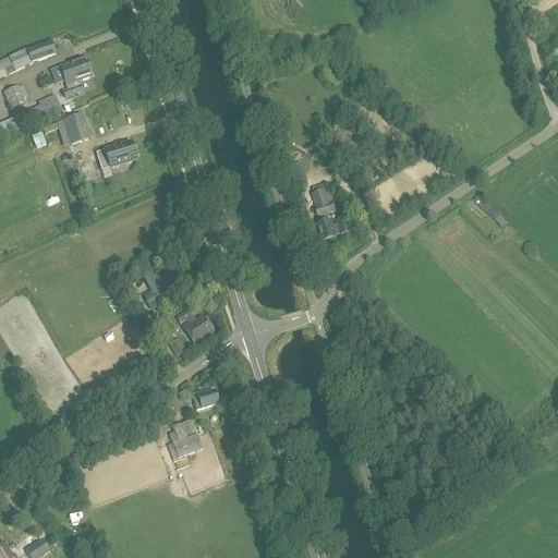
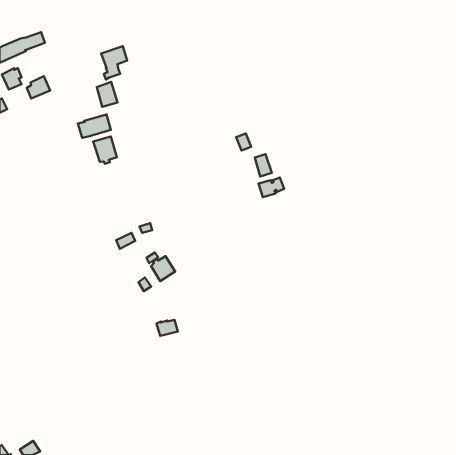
building: [59,56,90,96] -> [101,46,127,79]
building: [63,112,88,143] -> [97,82,117,107]
building: none -> [93,136,117,164]
building: [166,418,202,459] -> none

